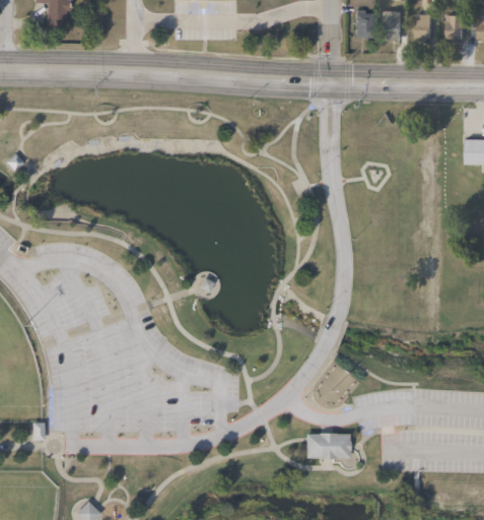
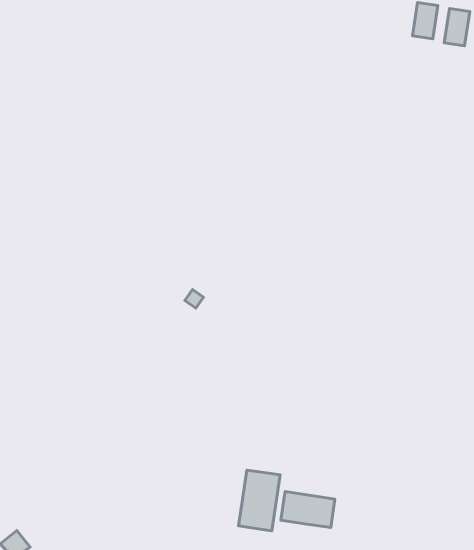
building: none -> [239,470,280,531]

